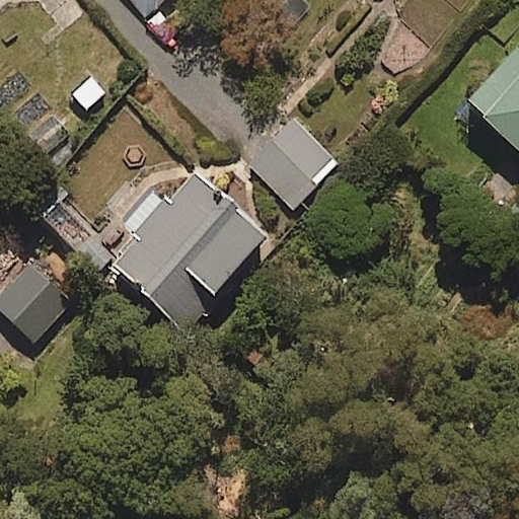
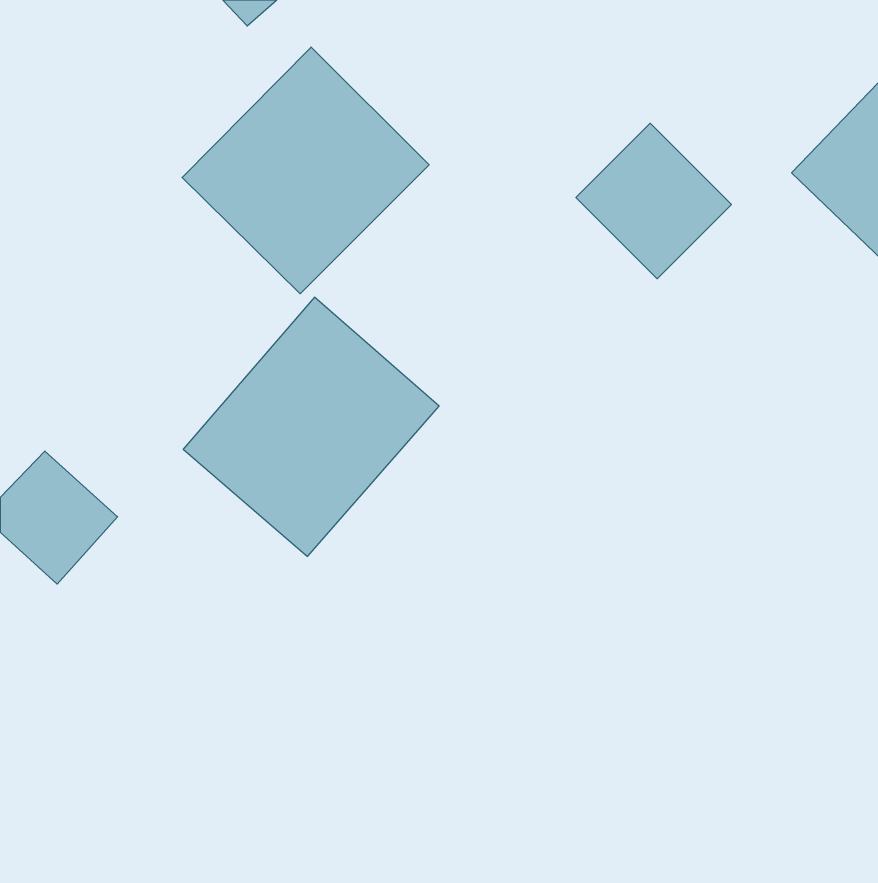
building: none -> [182,47,429,294]
building: [247,117,339,208] -> [576,123,731,279]

